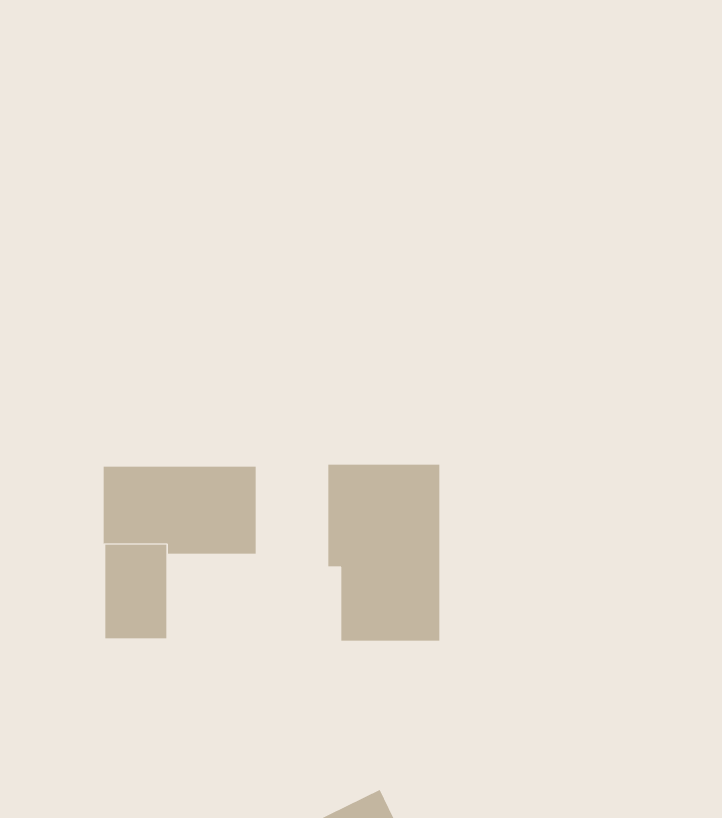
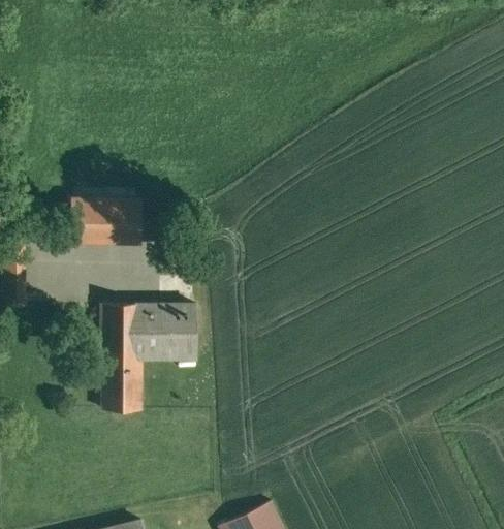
building: none -> [72,199,144,242]
building: [328,464,440,641] -> none

